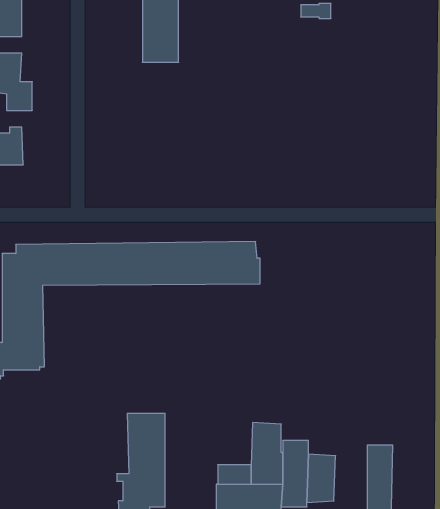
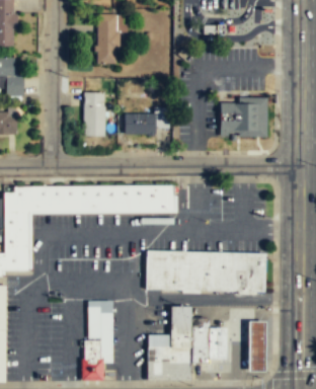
building: none -> [83,94,105,138]
building: none -> [220,97,267,136]
building: none -> [124,108,169,138]
building: none -> [146,250,265,292]

